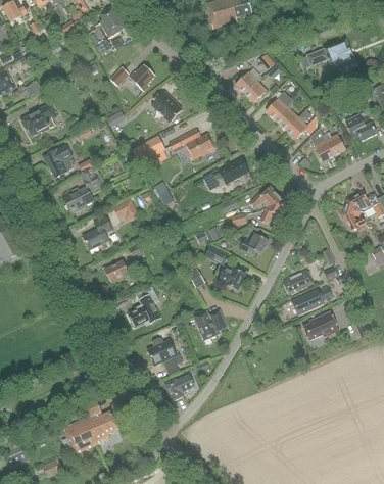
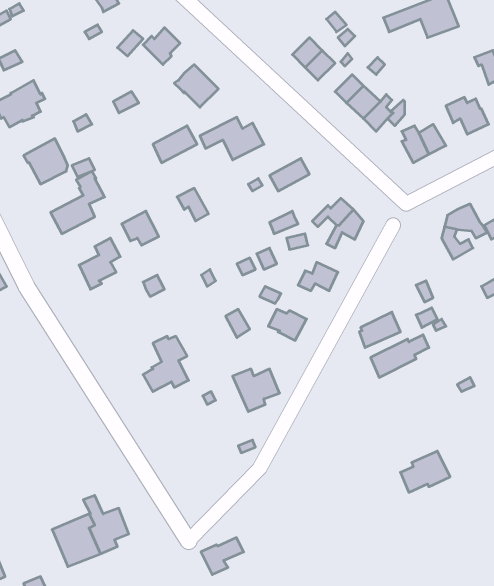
building: [104,259,136,282] -> none
building: [303,311,339,341] -> [400,451,450,492]
building: [148,337,183,369] -> none
building: [164,374,195,400] -> [201,538,244,575]

